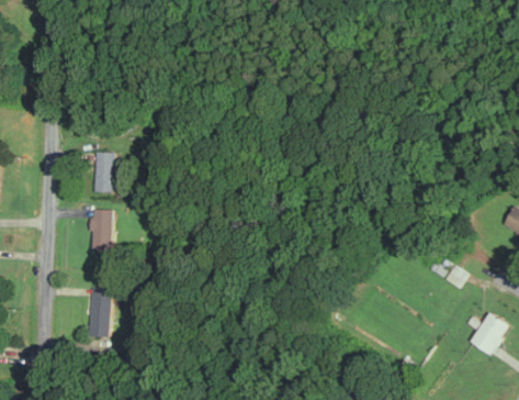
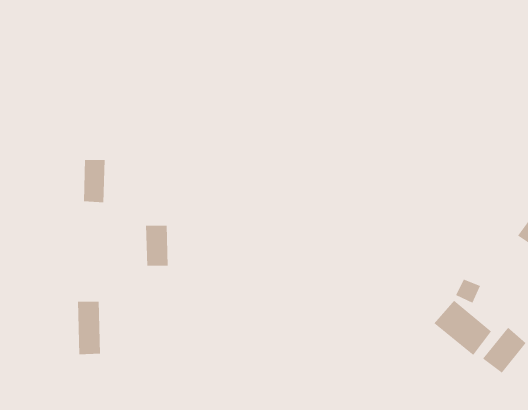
building: [91,211,113,249] -> [145,225,169,266]
building: none -> [434,300,492,356]

